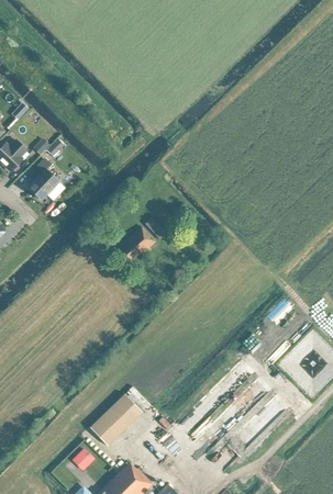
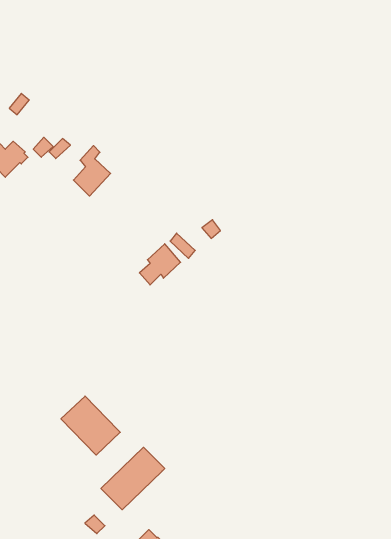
building: [29,159,59,201] -> [73,146,111,196]
building: none -> [61,396,120,455]

